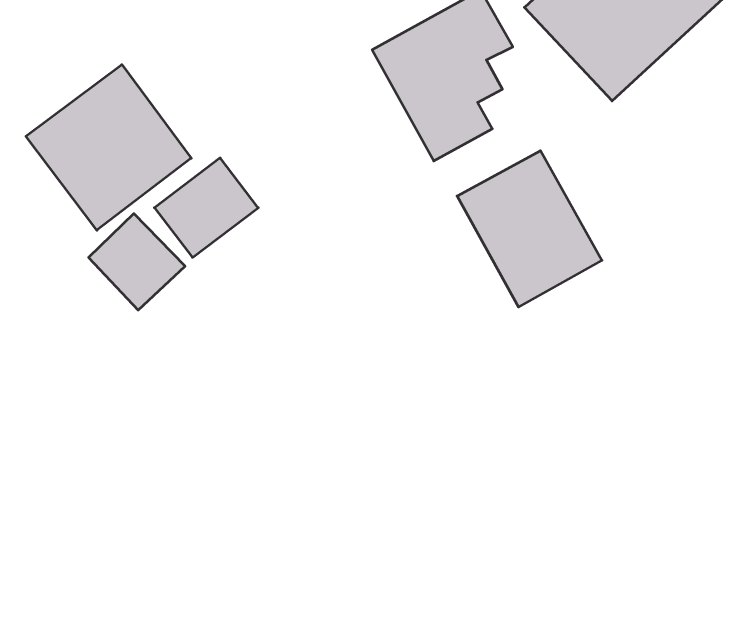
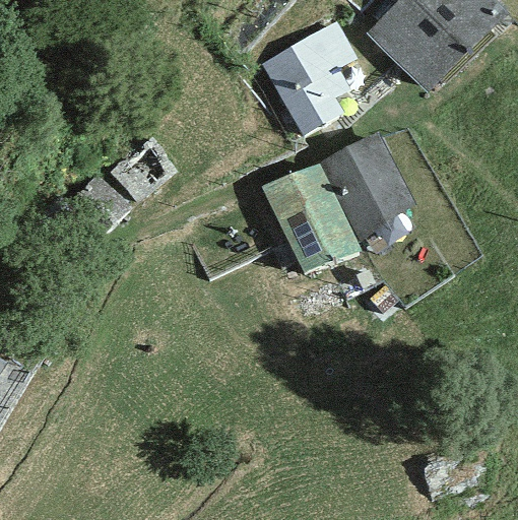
building: [26,65,191,230] -> none
building: none -> [264,165,355,276]

